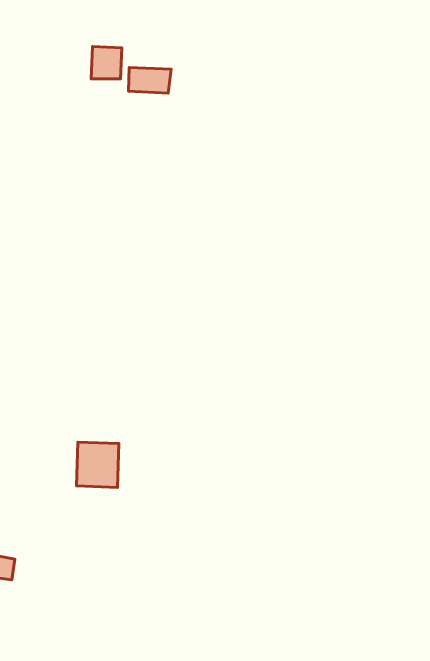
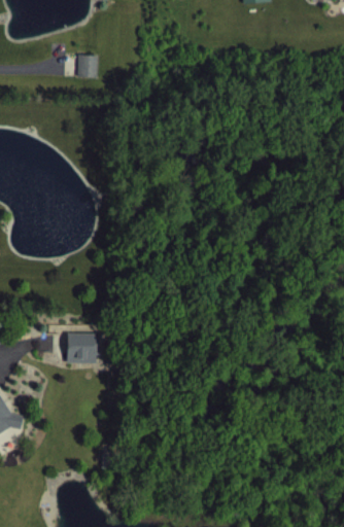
building: [128,67,171,93] -> none

